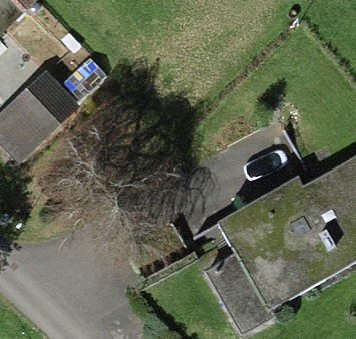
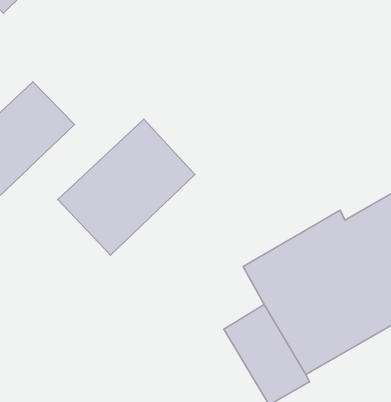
building: none -> [58,119,195,255]

